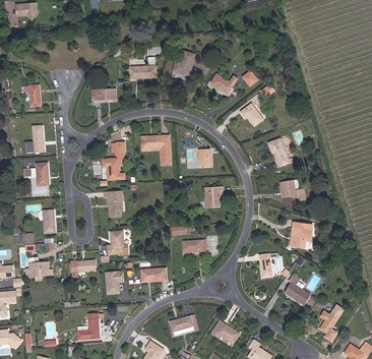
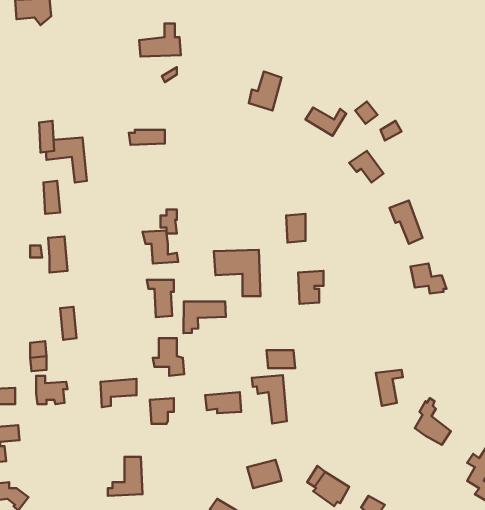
building: [128,57,157,79] -> [139,24,181,57]
building: [140,133,172,165] -> [214,250,260,296]
building: none -> [184,302,226,333]
building: [289,222,311,247] -> none
building: none -> [252,375,287,423]

